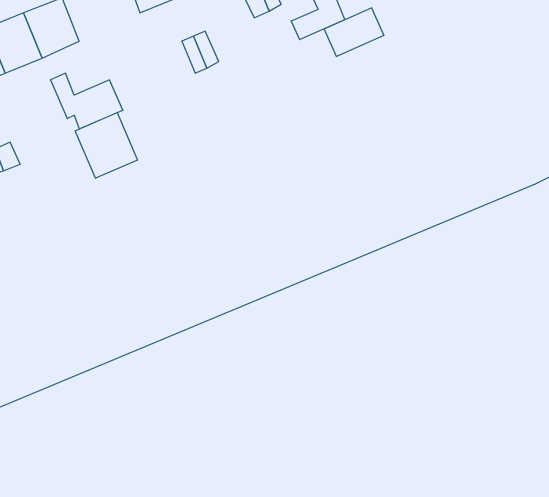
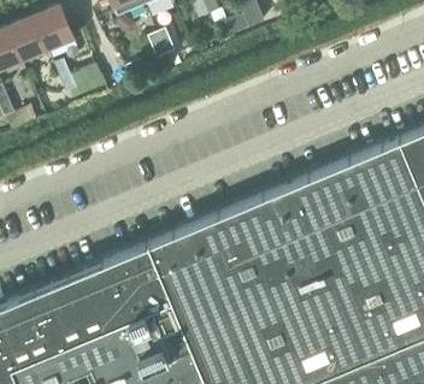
building: [324,8,384,57] -> none
building: [75,113,138,178] -> none

